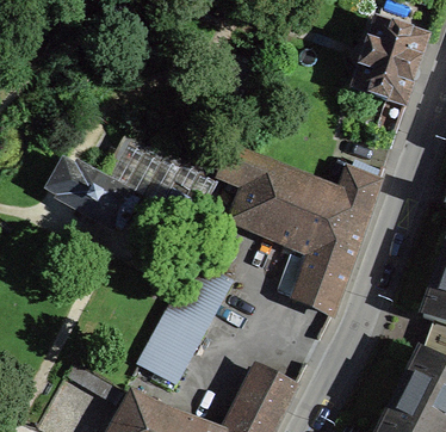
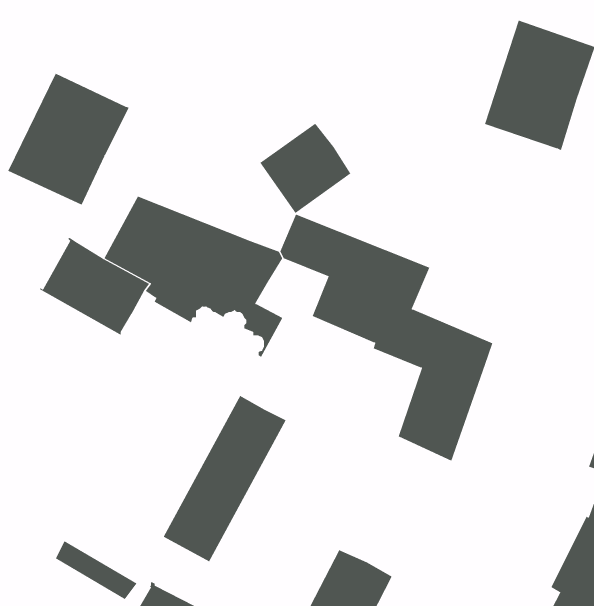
building: none -> [8,73,130,205]
building: none -> [260,123,351,214]
building: [305,166,378,230] -> none

